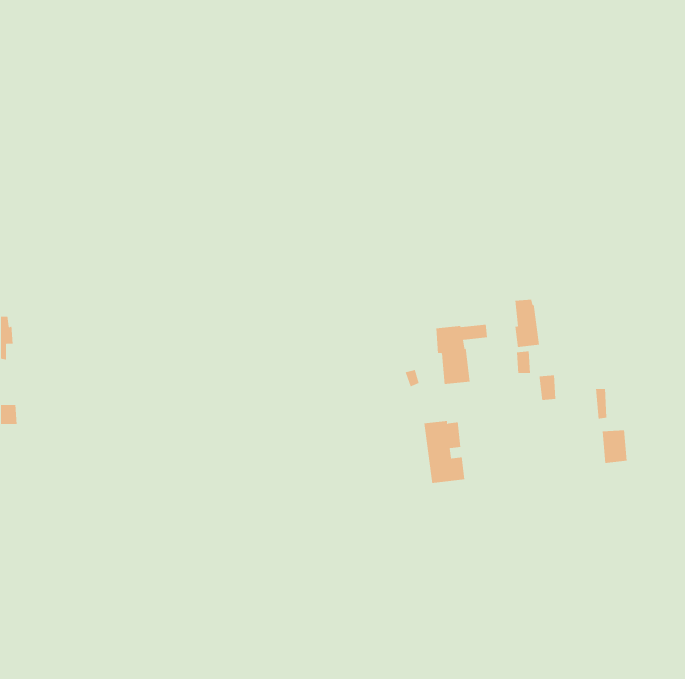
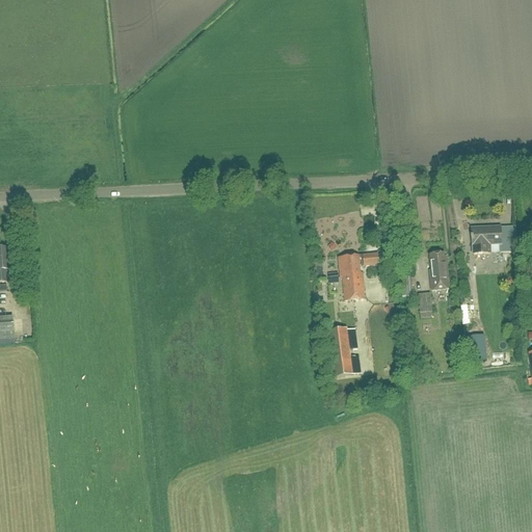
building: none -> [471,225,508,251]
building: [514,299,540,347] -> [429,251,449,289]

